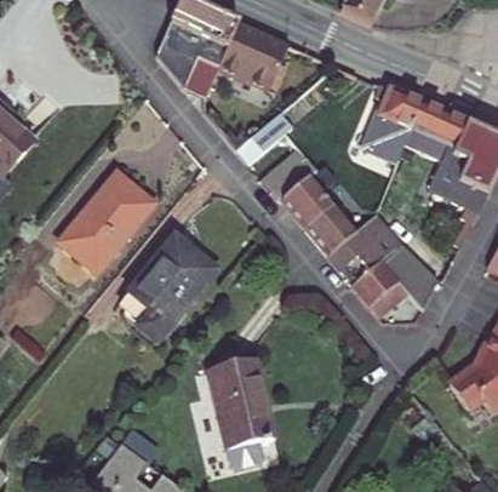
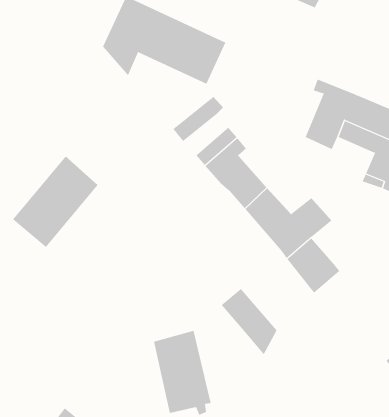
building: [110,231,208,337] -> none
building: [379,239,440,310] -> [221,288,278,355]

